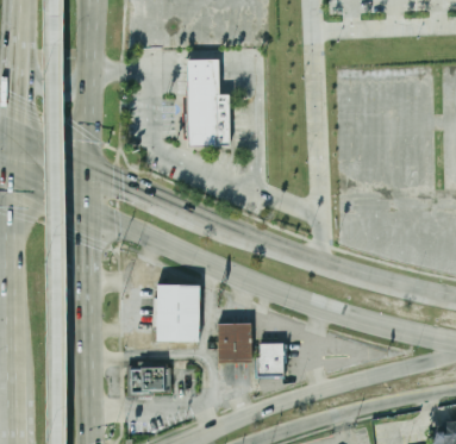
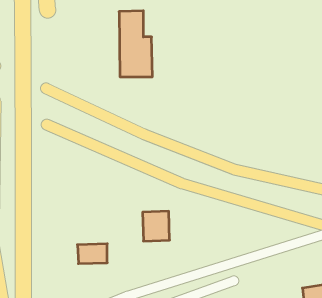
building: [156,284,199,340] -> none
building: [256,344,282,377] -> none

